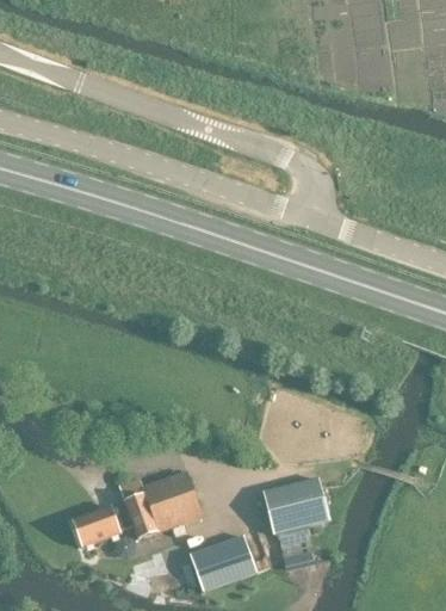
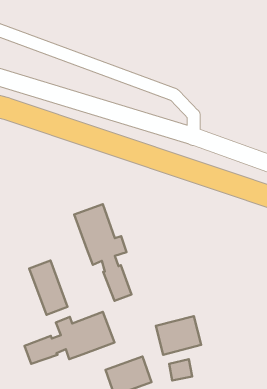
building: none -> [74,204,131,301]
building: none -> [29,261,68,315]

